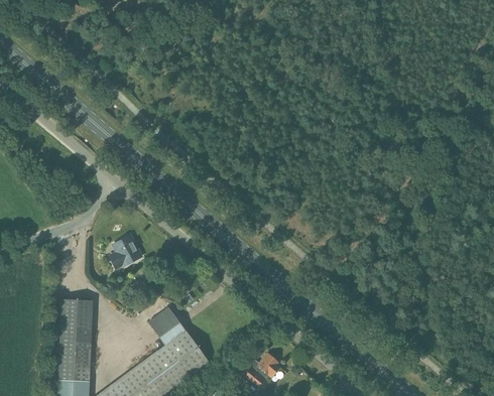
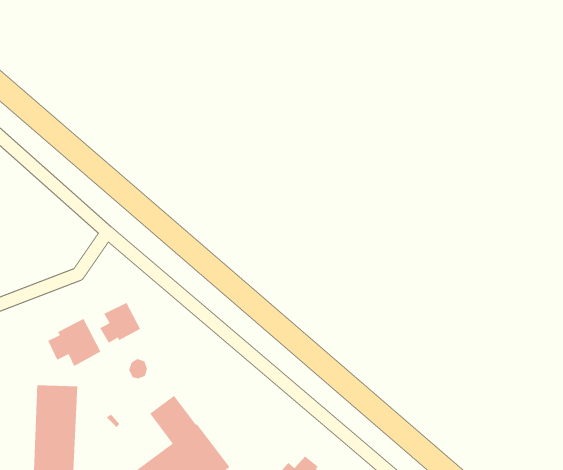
building: none -> [47,318,101,367]

